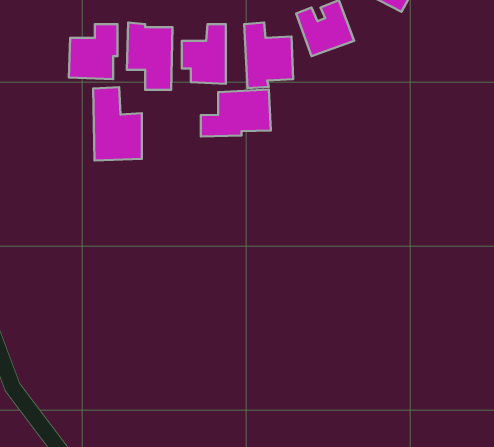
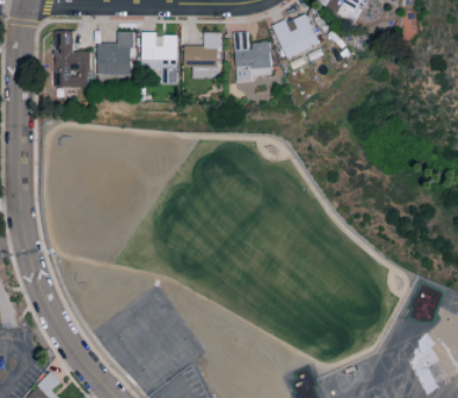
building: [93,87,142,160] -> [53,31,91,88]
building: [201,89,271,136] -> none

